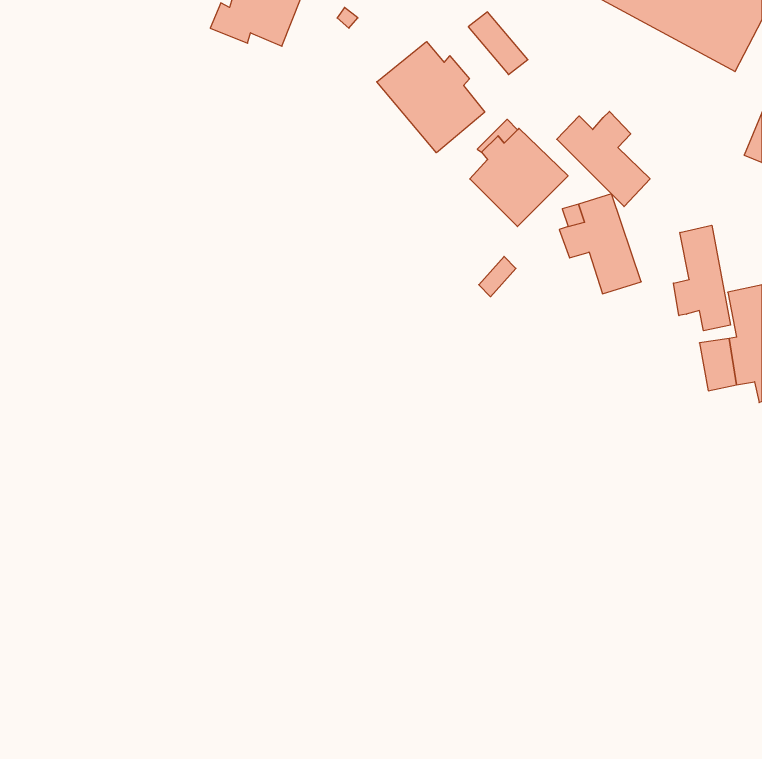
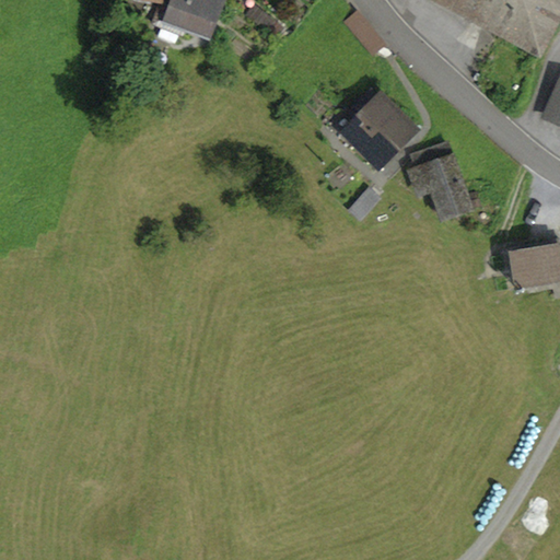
building: [377,42,485,153] -> none
building: [557,111,650,207] -> none
building: [673,225,730,331] -> none

